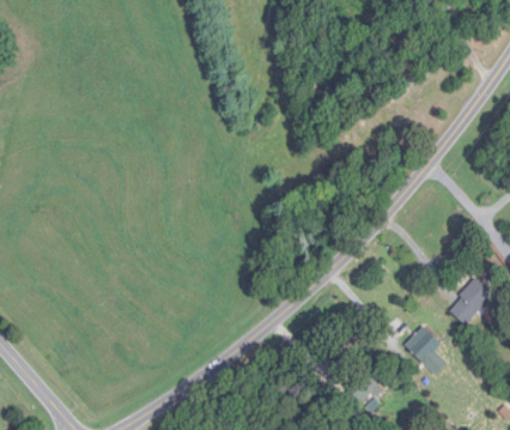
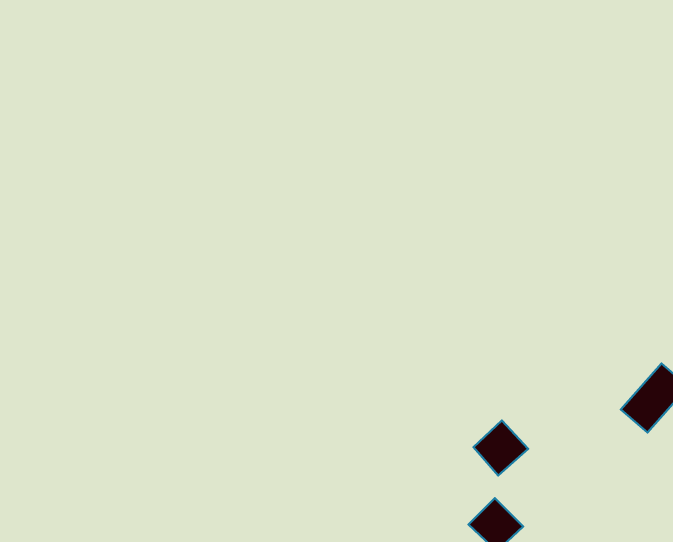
building: [405,326,442,363] -> [473,421,528,475]

